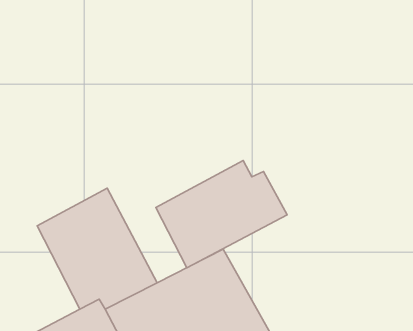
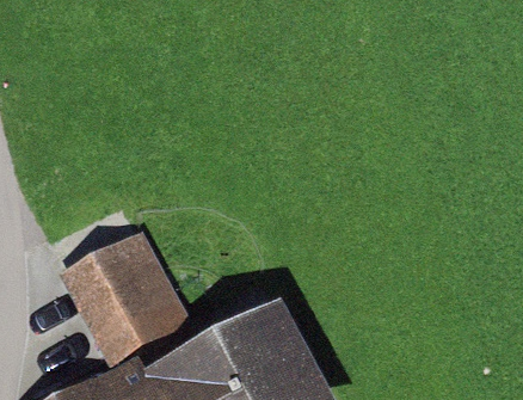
building: [156,160,287,268] -> none

